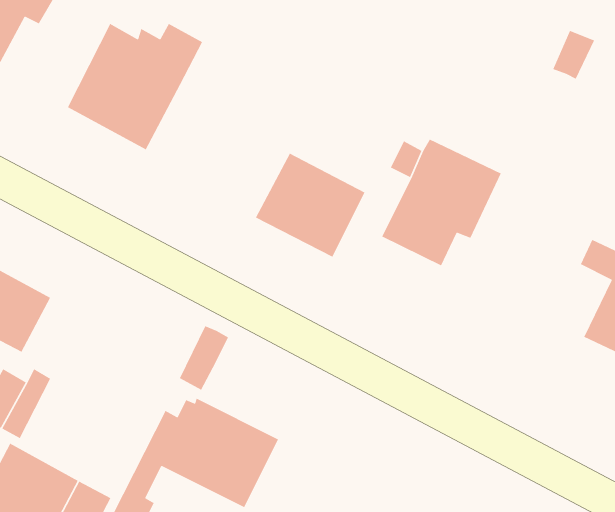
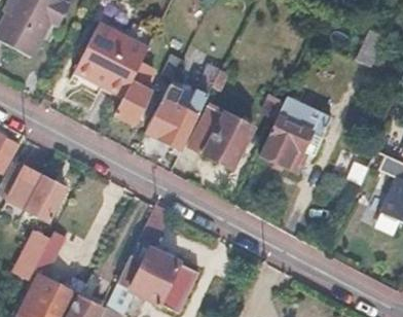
building: none -> [114,62,158,125]
building: none -> [147,63,223,149]

